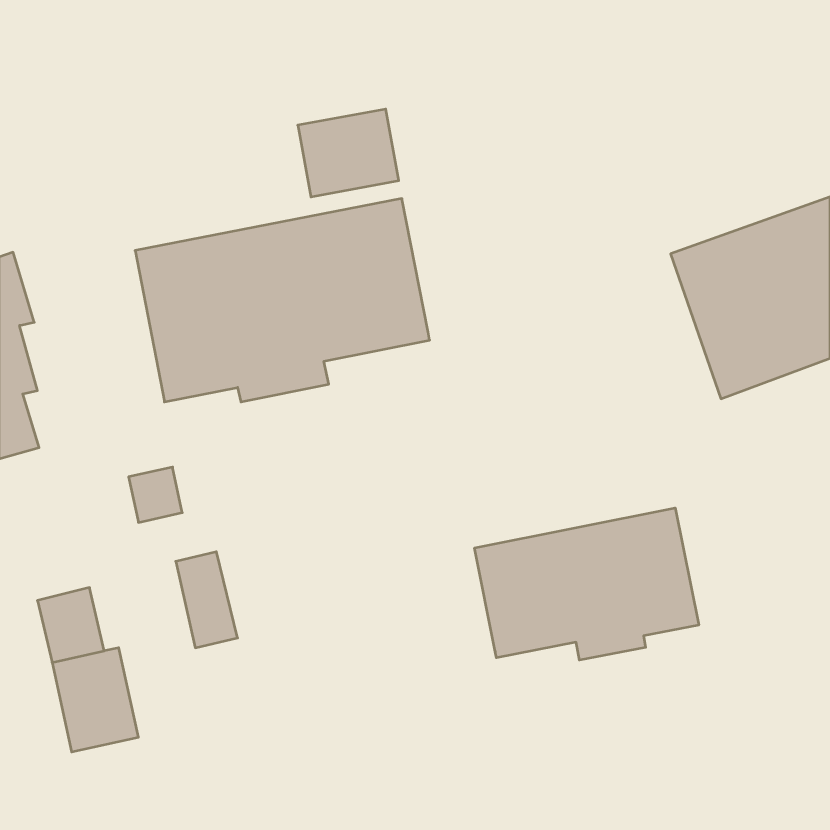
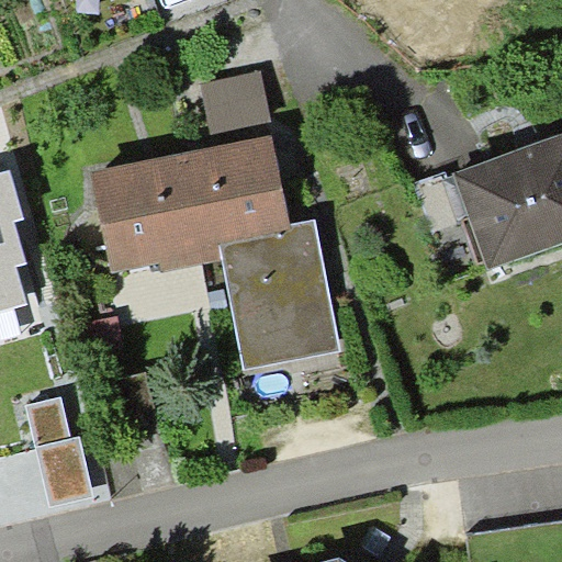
building: none -> [218,220,340,370]
building: [475,508,699,660] -> none

